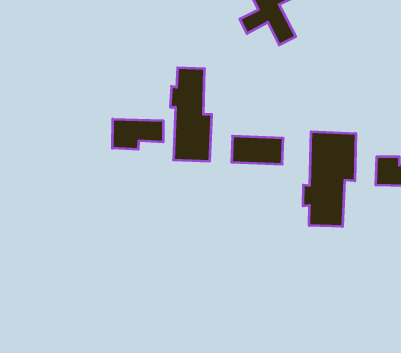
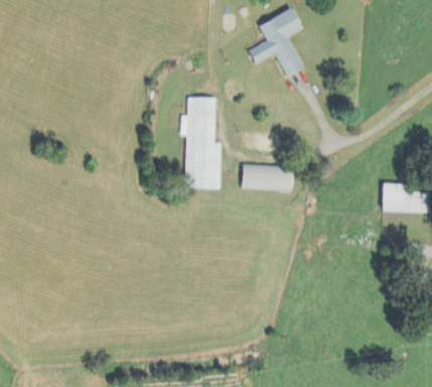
building: [112,119,163,149] -> none
building: [303,132,356,227] -> none

